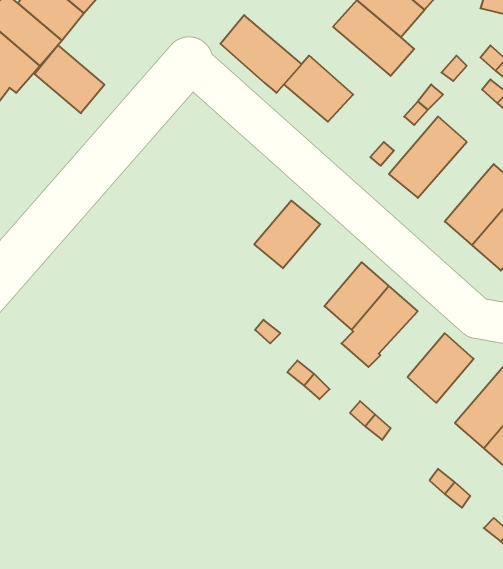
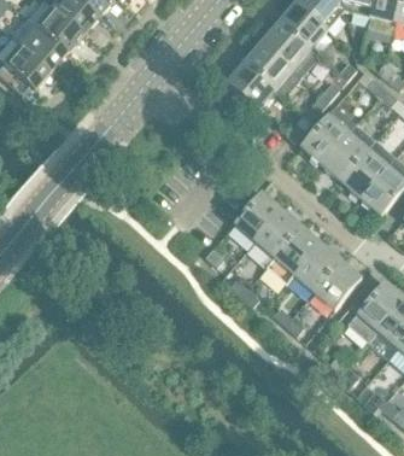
building: [220,15,302,93] -> [244,40,301,95]
building: [34,45,104,113] -> none
building: none -> [321,122,375,179]
building: [254,201,320,268] -> [234,191,281,239]
building: none -> [293,242,340,290]

